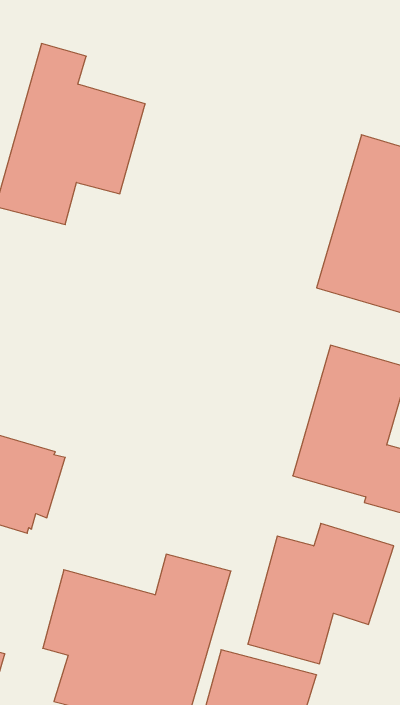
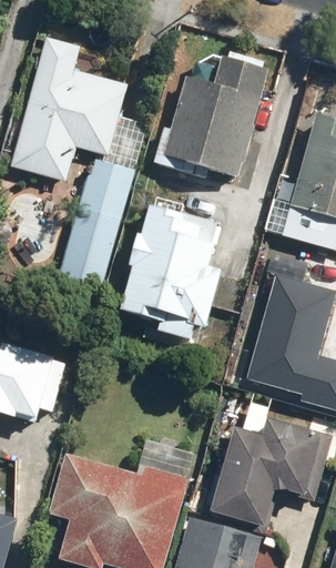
building: none -> [151,49,271,176]
building: none -> [59,160,134,288]
building: none -> [122,196,224,341]

